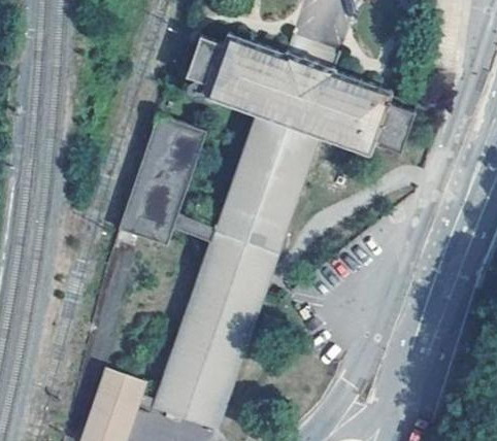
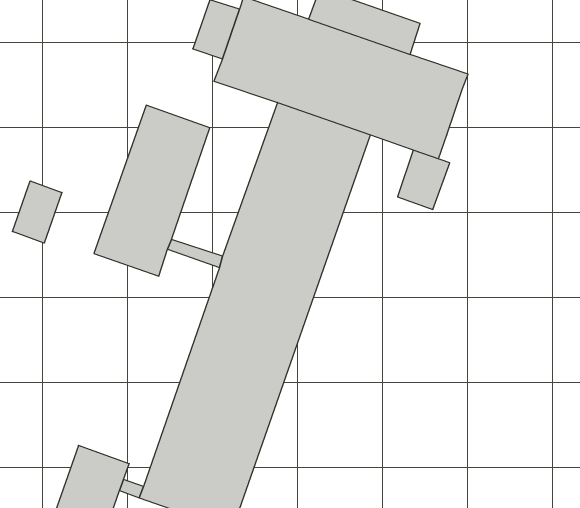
building: [376,105,415,148] -> [398,150,450,209]
building: none -> [12,181,62,243]

